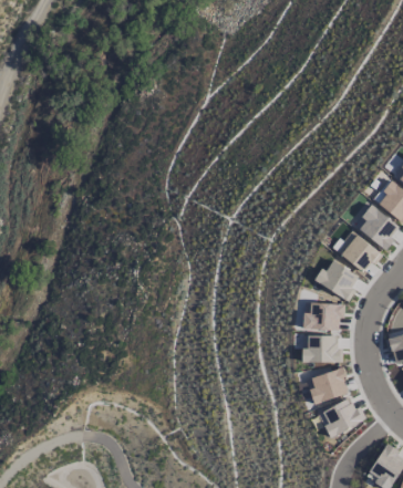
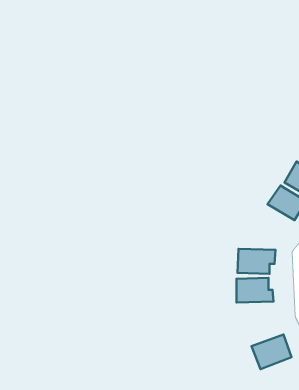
building: [314,261,360,299] -> none
building: [307,368,350,404] -> none

